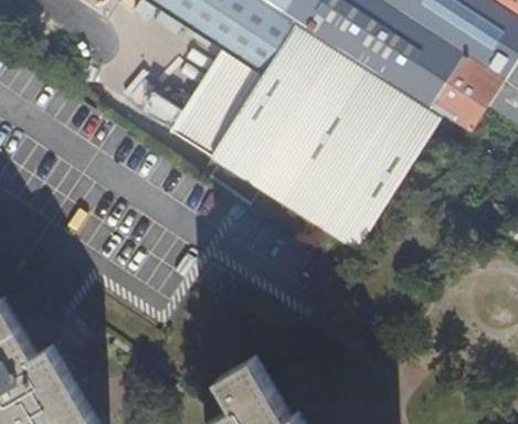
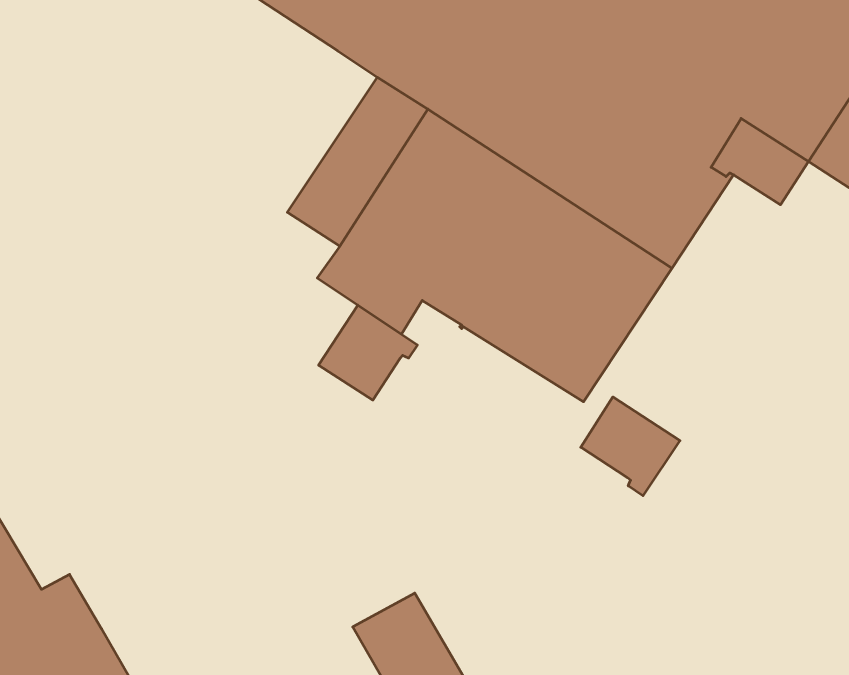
building: none -> [319,305,417,400]
building: none -> [581,397,680,496]

